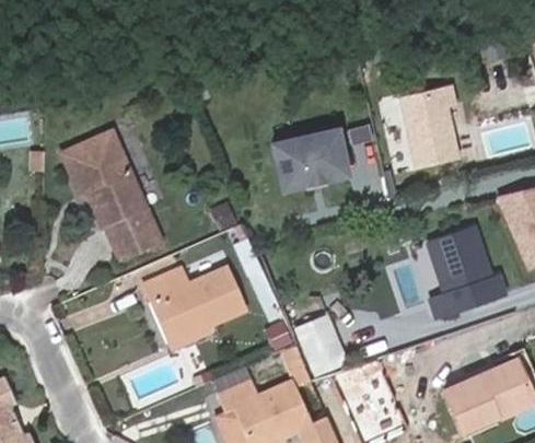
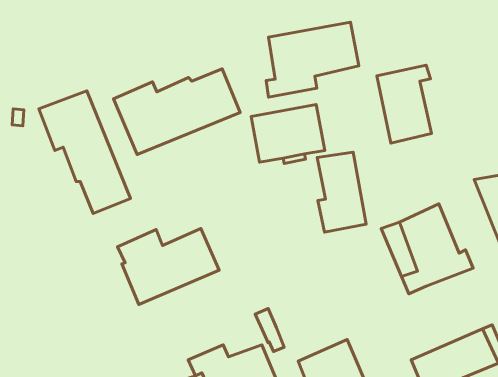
building: none -> [266,22,359,97]
building: none -> [113,69,240,154]
building: none -> [317,152,366,232]
building: [293,310,345,370] -> none

